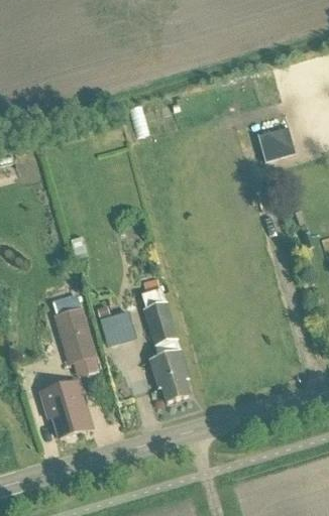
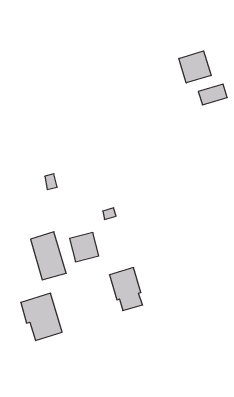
building: none -> [179,51,211,83]
building: [144,302,176,345] -> none

